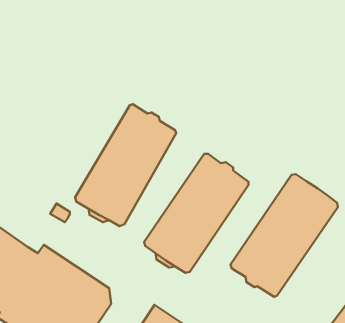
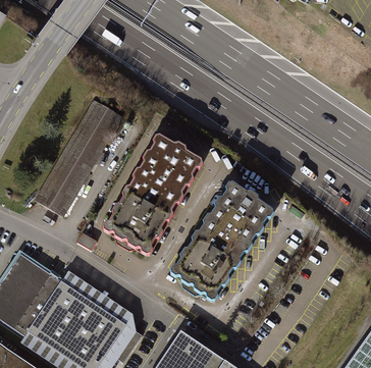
building: none -> [37,100,125,215]
building: [230,174,338,297] -> none

